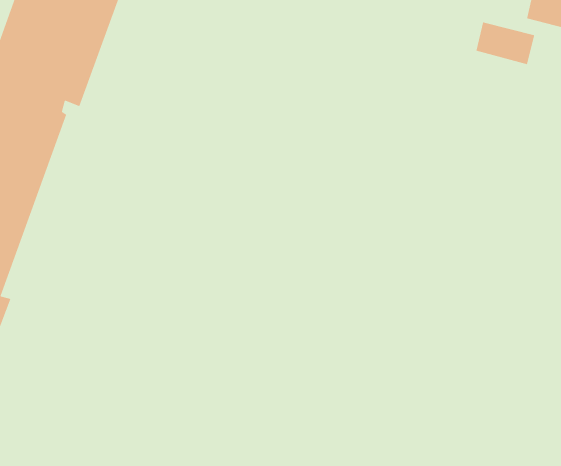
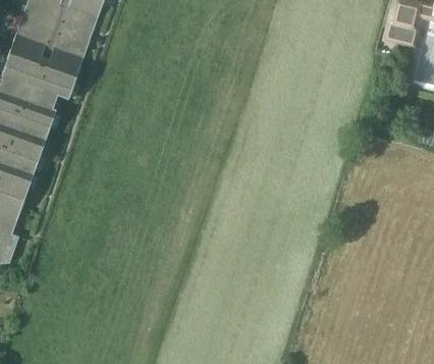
building: [475,22,535,65] -> none

